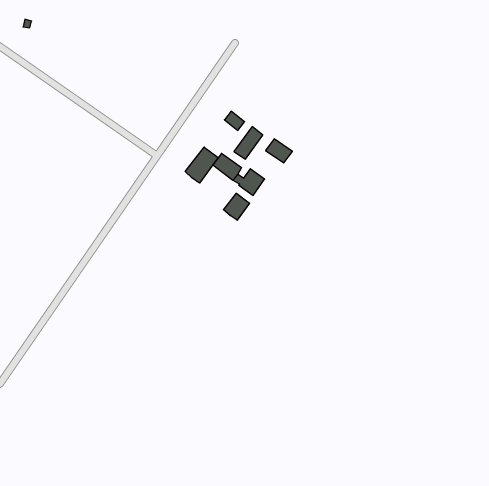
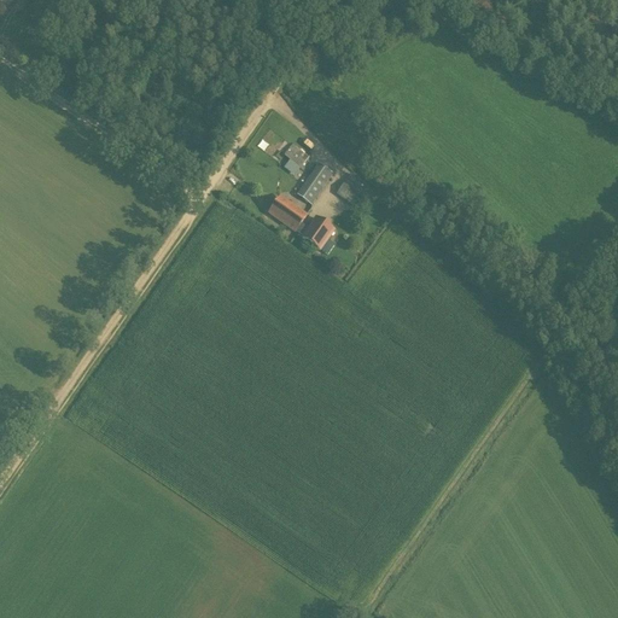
building: [185,147,218,183] -> none
building: [223,193,250,220] -> none

